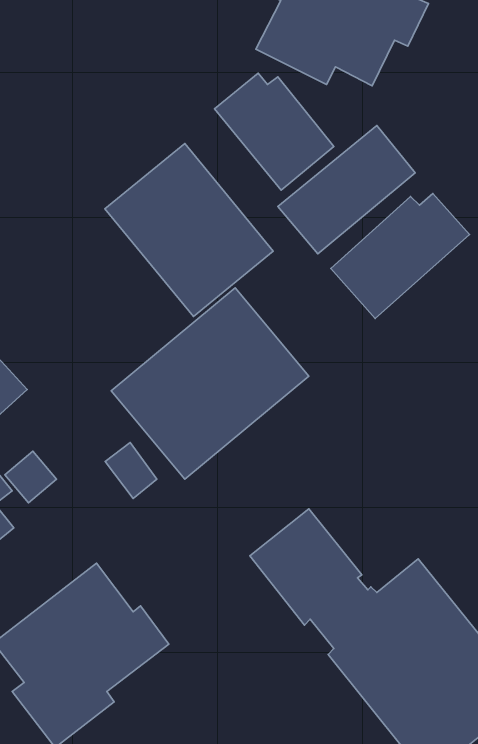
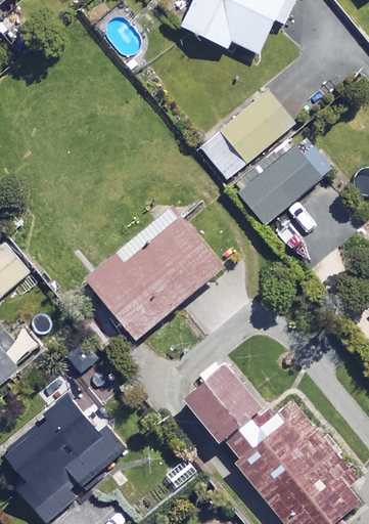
building: [214,73,334,190] -> none
building: [105,144,273,317] -> none

